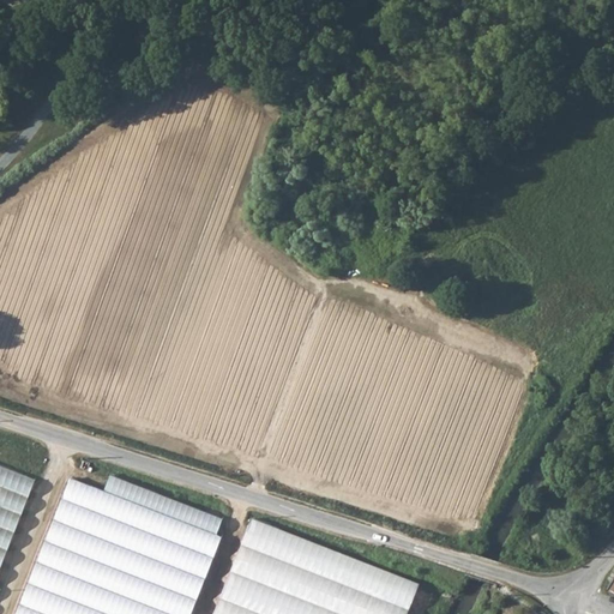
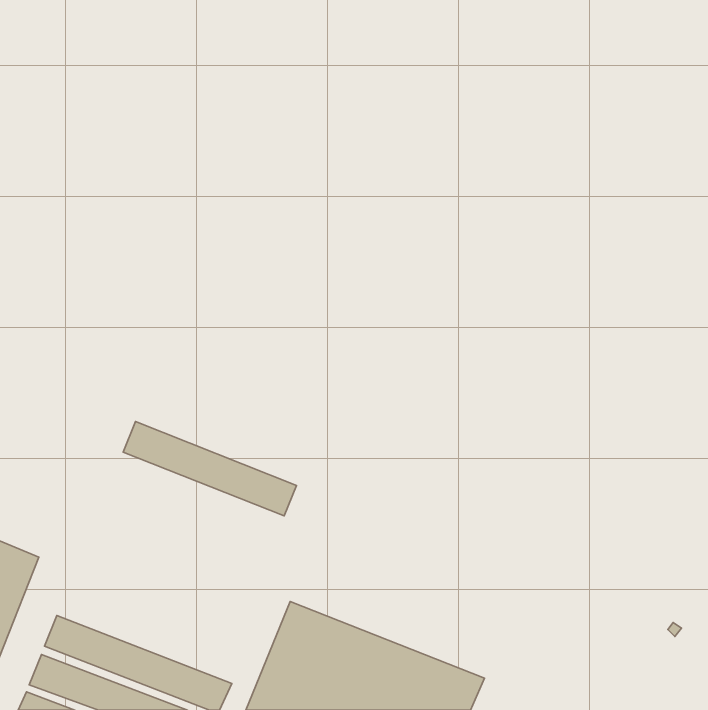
building: [70,468,219,549] -> [123,421,297,516]
building: [52,499,212,584] -> none

